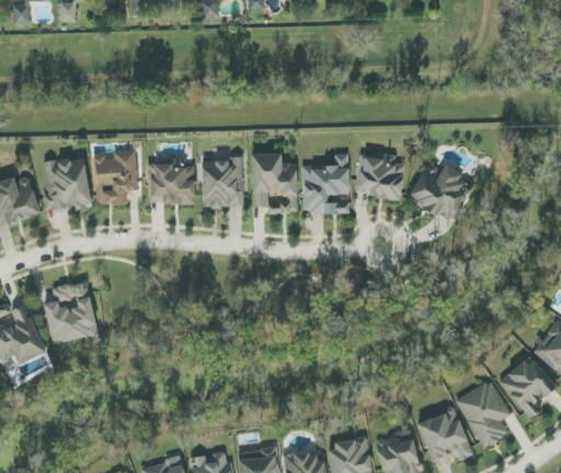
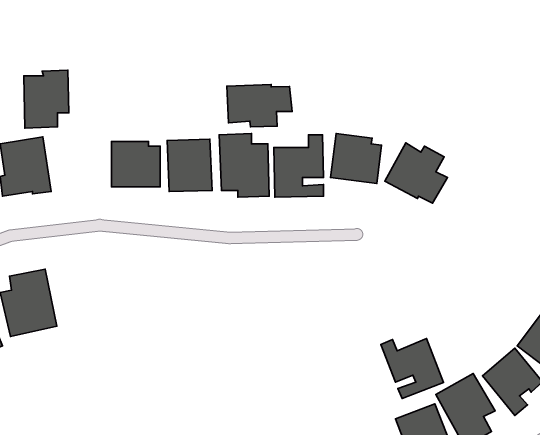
building: none -> [227,85,292,127]
building: [94,149,137,204] -> [24,70,69,128]
building: none -> [381,338,444,399]

